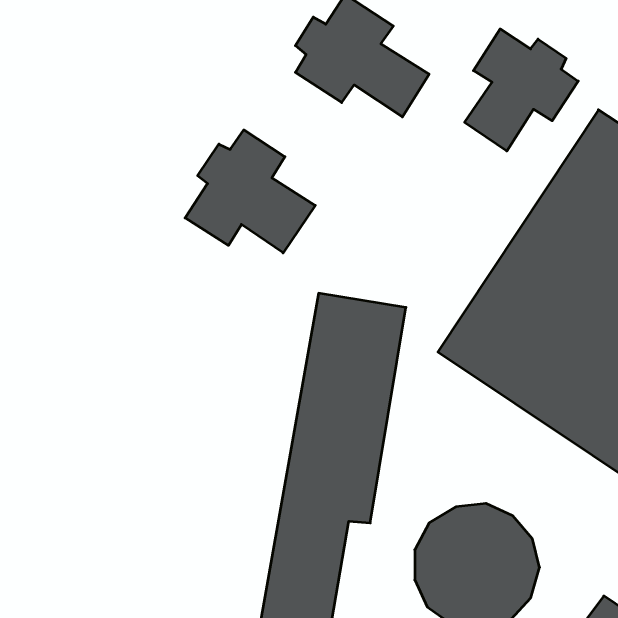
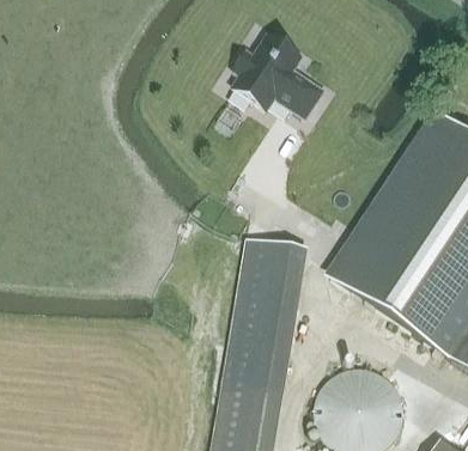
building: [465,29,578,151] -> none
building: [185,130,315,253] -> none

